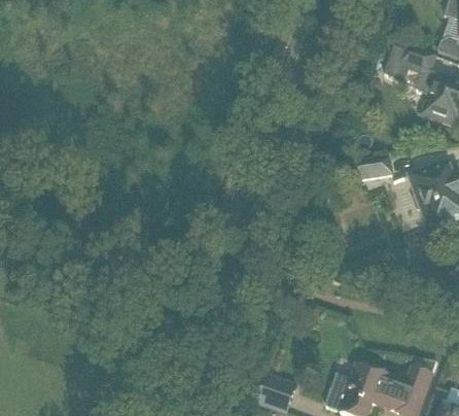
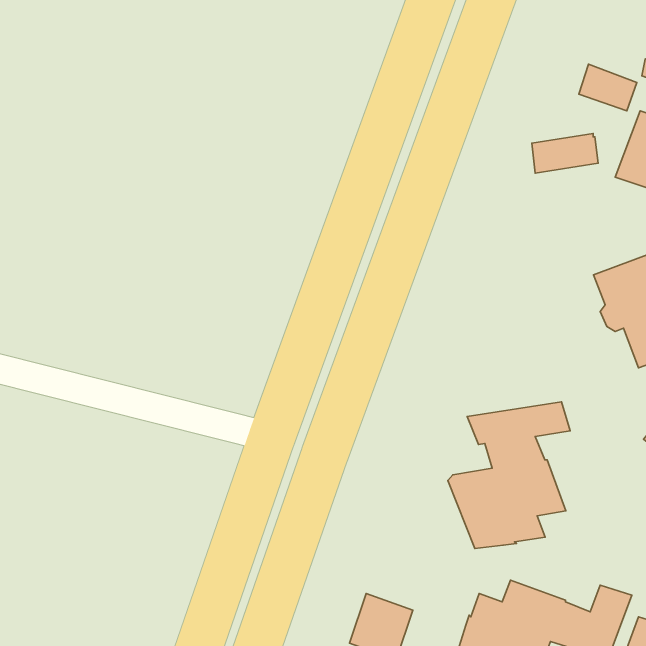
building: [350,153,391,178] -> [532,133,598,173]
building: none -> [448,402,570,549]

